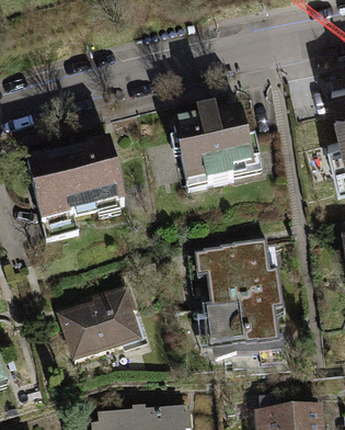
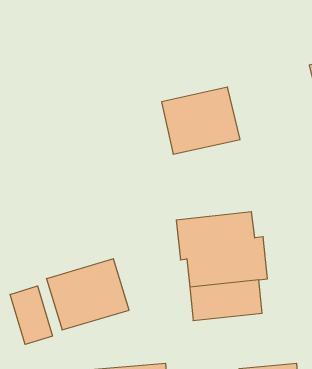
building: [31,140,128,222] -> none
building: none -> [10,286,52,344]

